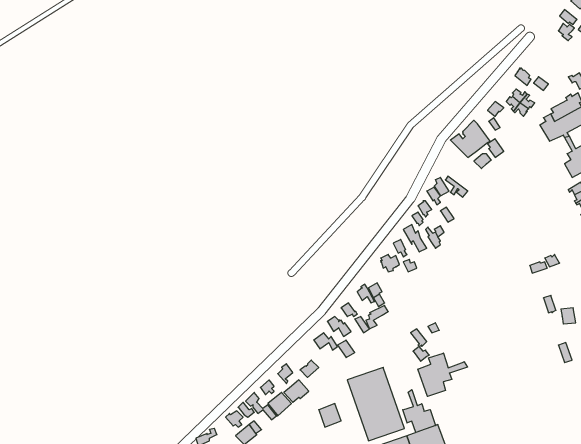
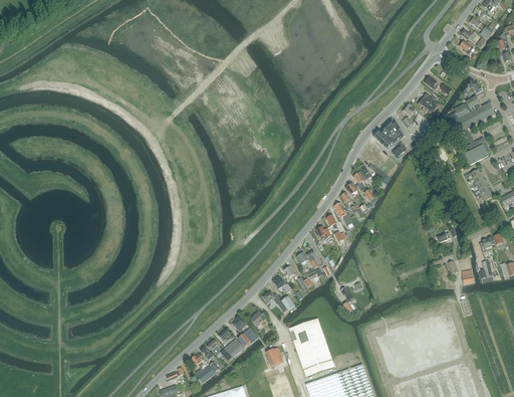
building: [418,353,468,396] -> none
building: [403,390,436,432] -> none

